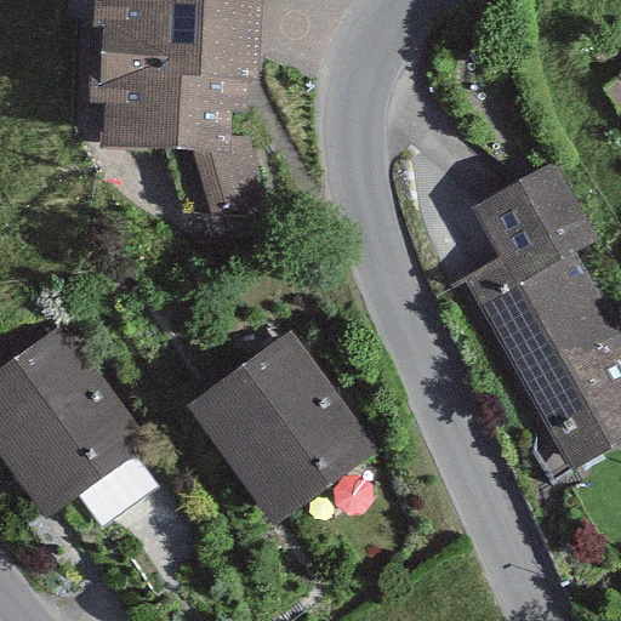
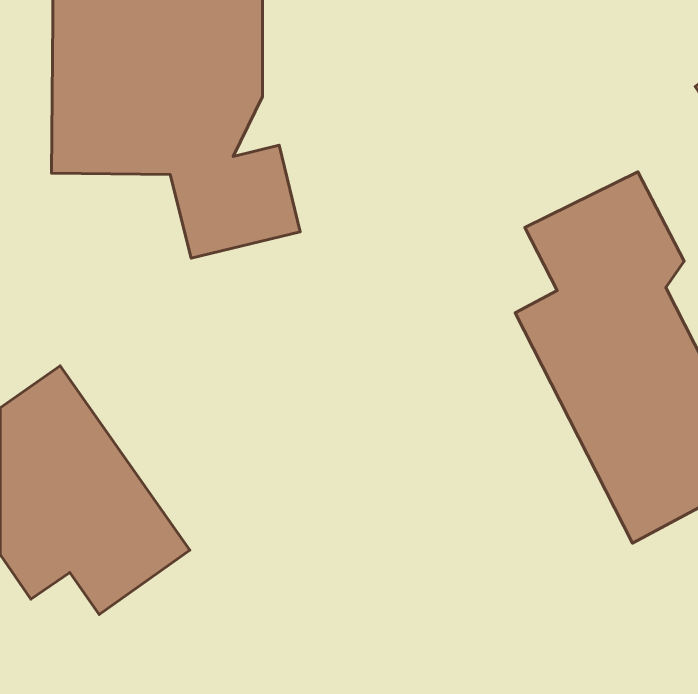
building: [169,314,389,535] -> none

